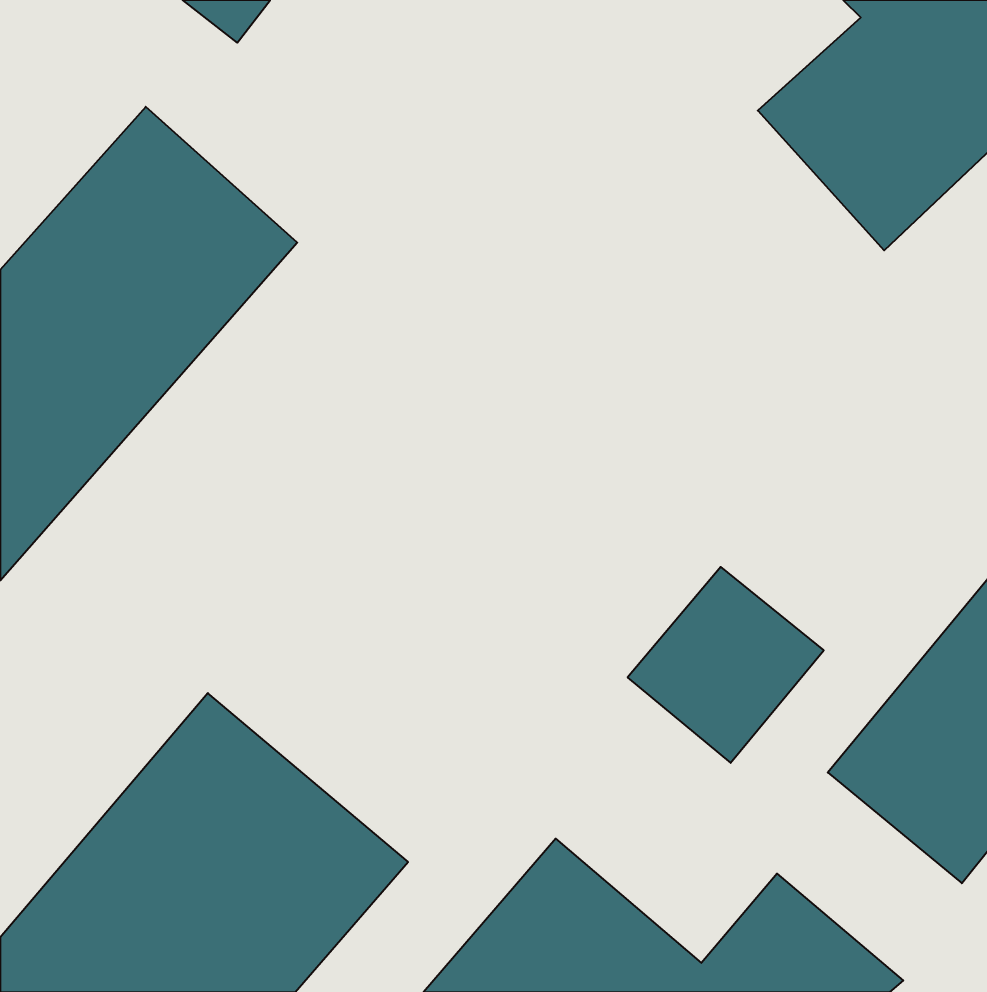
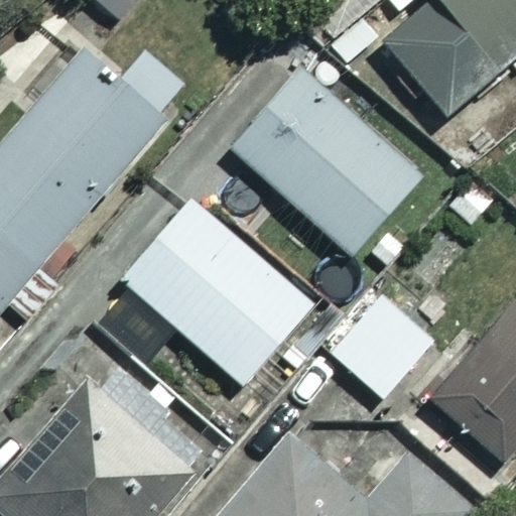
building: none -> [230,72,415,253]
building: none -> [120,199,309,382]

